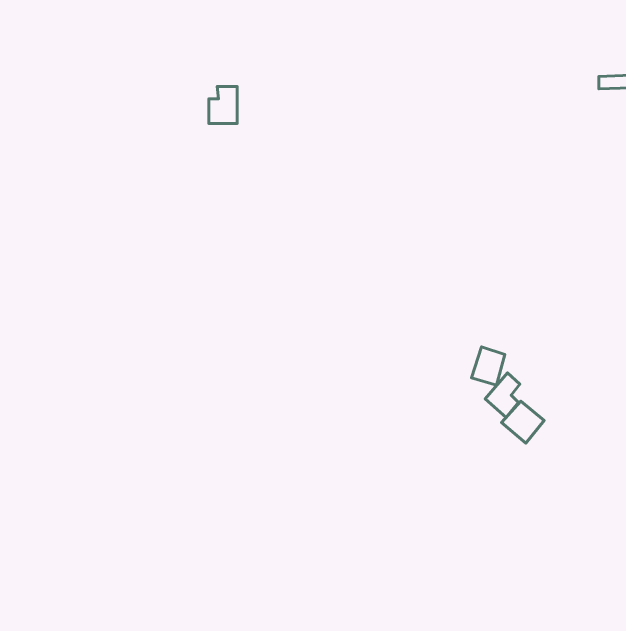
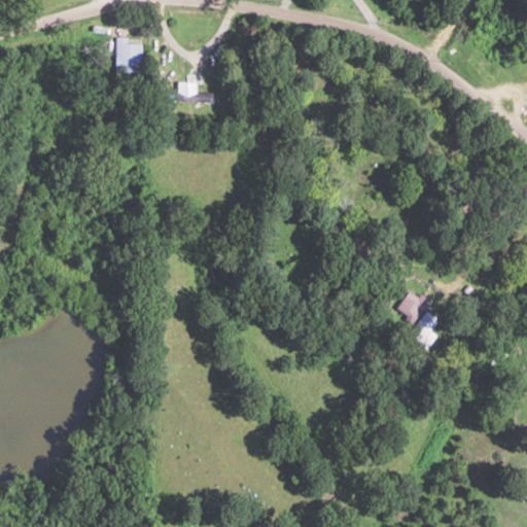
building: none -> [115,36,141,71]
building: [502,401,544,443] -> none

